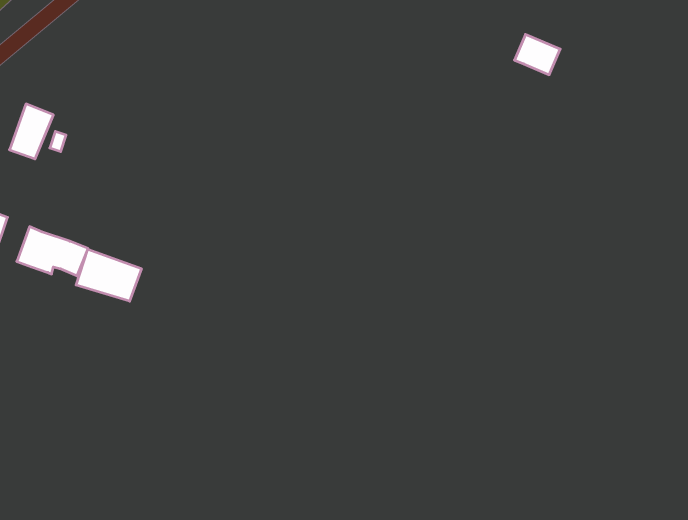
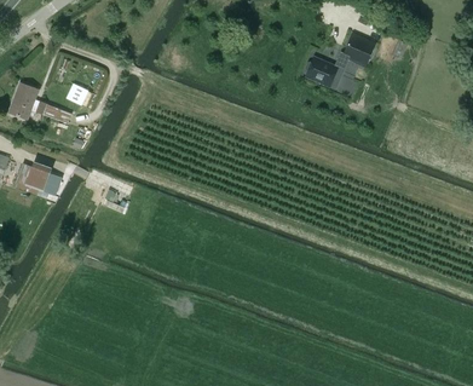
building: none -> [306,52,350,88]
building: [76,249,141,301] -> none

